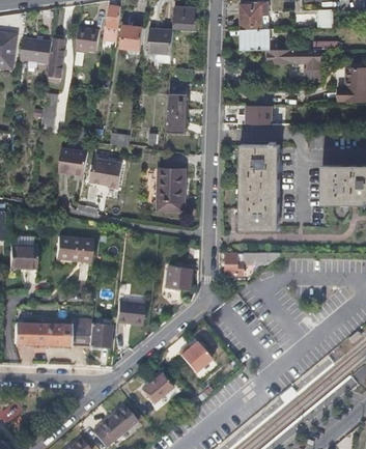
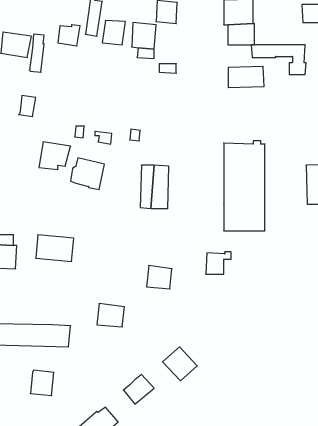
building: [168,92,189,133] -> none
building: [248,105,283,125] -> [228,66,264,88]
building: [88,322,111,347] -> [30,370,54,396]

